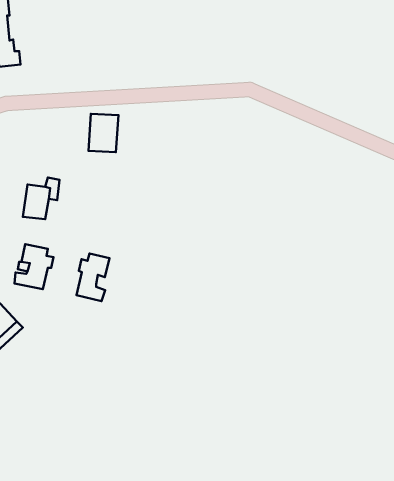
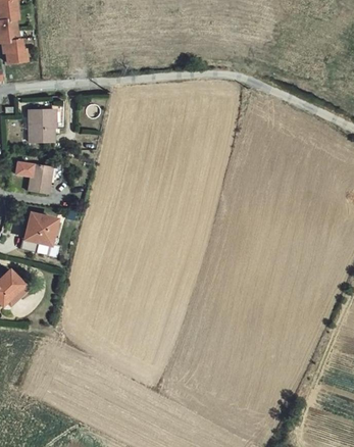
building: [89,114,118,152] -> [29,110,54,143]
building: [77,253,109,301] -> none

